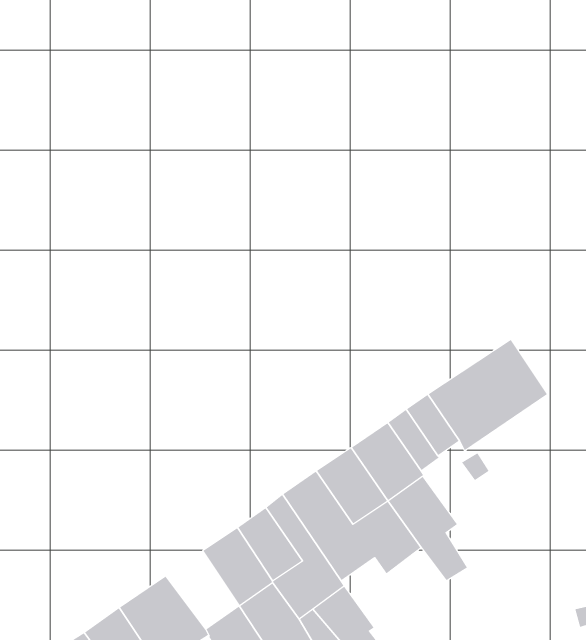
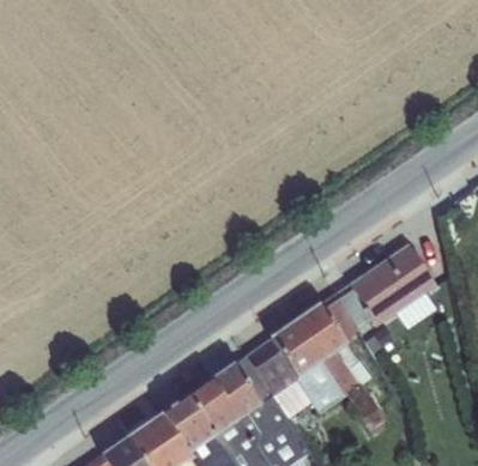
building: none -> [161,397,213,453]

